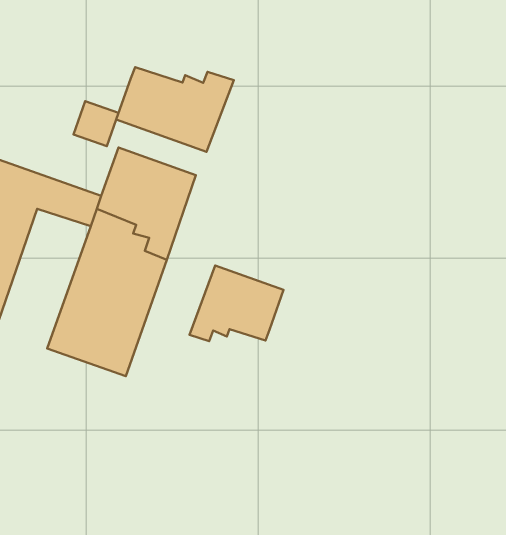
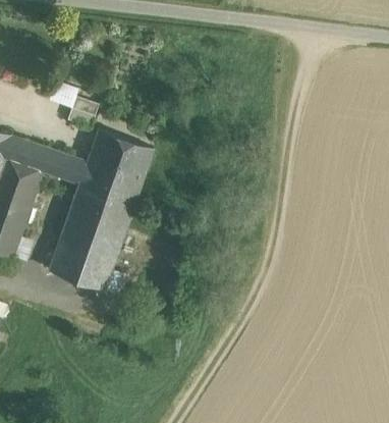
building: [116,67,234,152] -> none
building: [189,266,283,341] -> none

